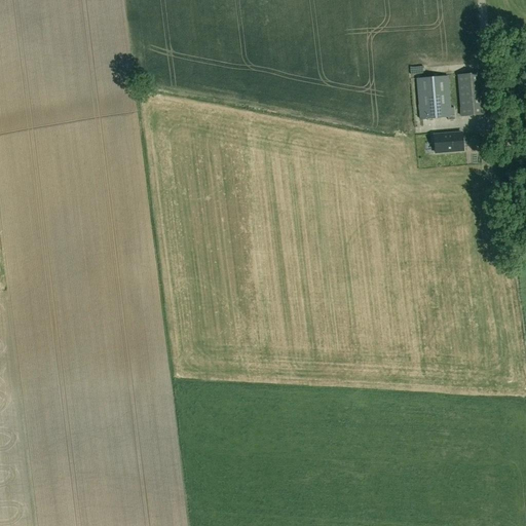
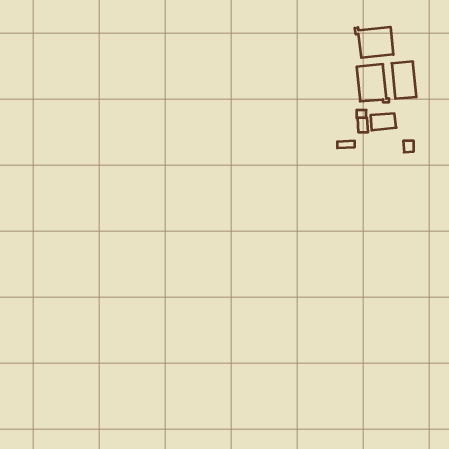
building: none -> [355,27,393,58]

